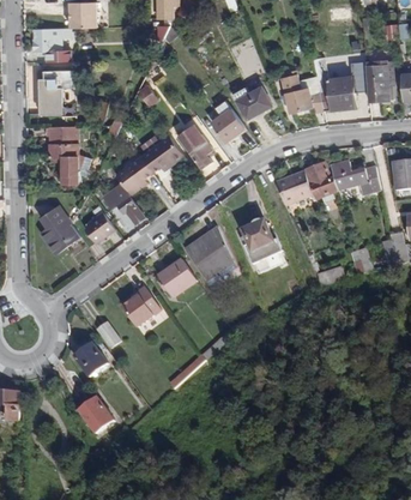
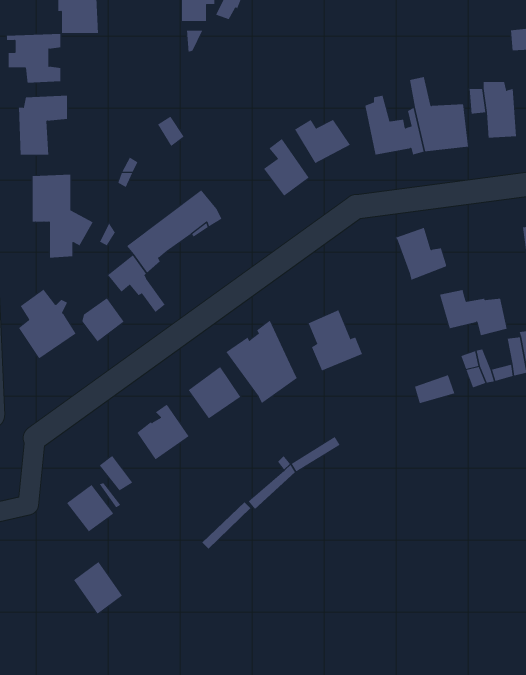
building: [176,126,211,170] -> none
building: [332,161,380,193] -> [439,289,508,336]
building: [276,171,313,205] -> none

